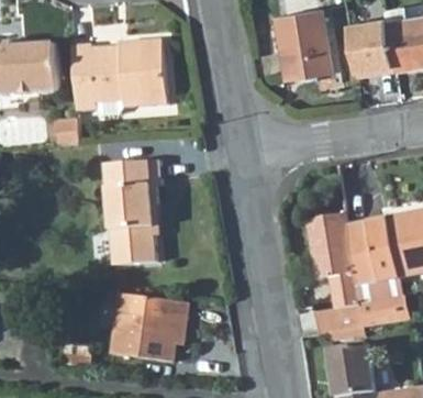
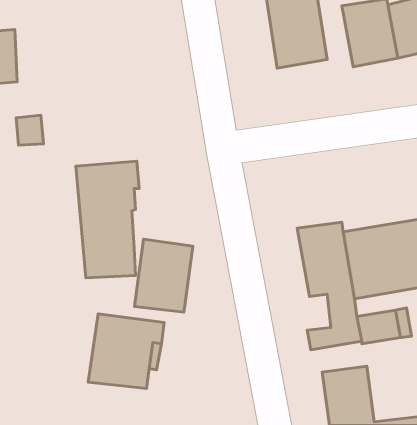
building: [71,38,166,112] -> none
building: none -> [135,239,193,312]

